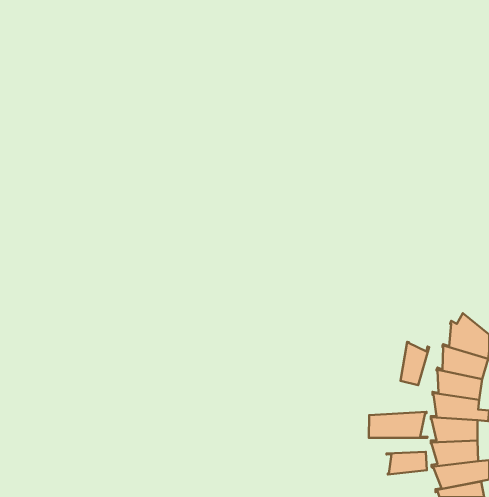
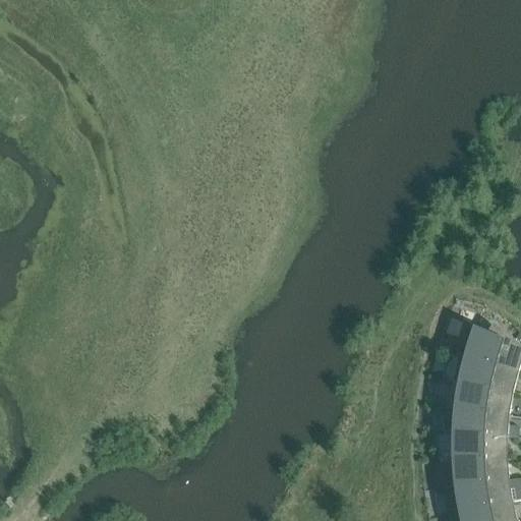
building: [400,342,429,385] -> none
building: [369,412,427,438] -> none
building: [387,452,427,474] -> none

